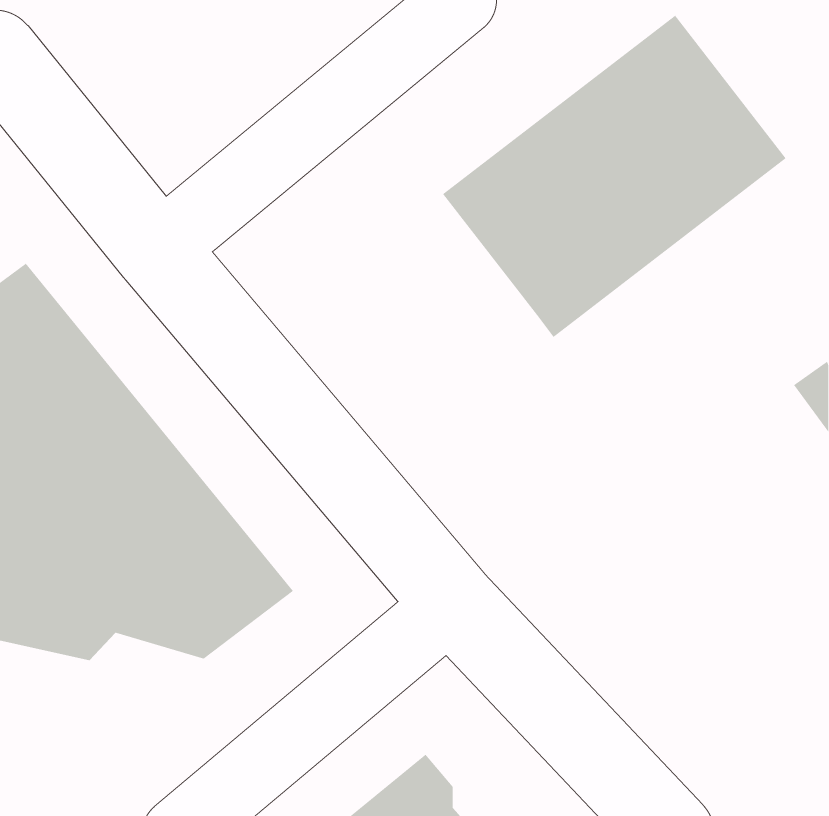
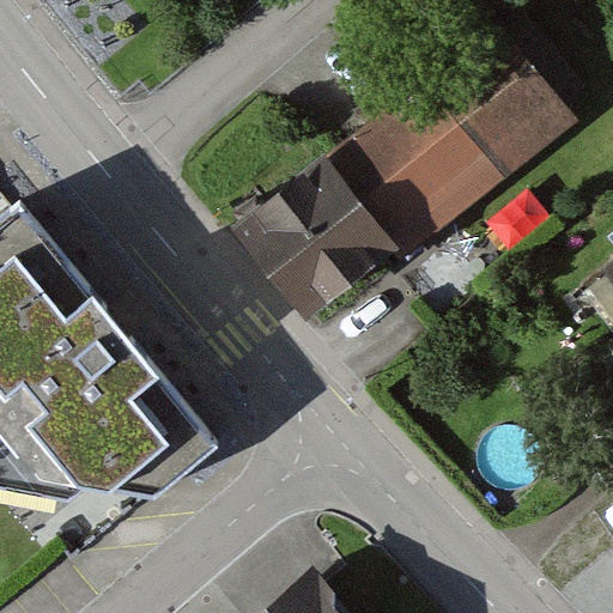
building: none -> [230,156,395,317]

